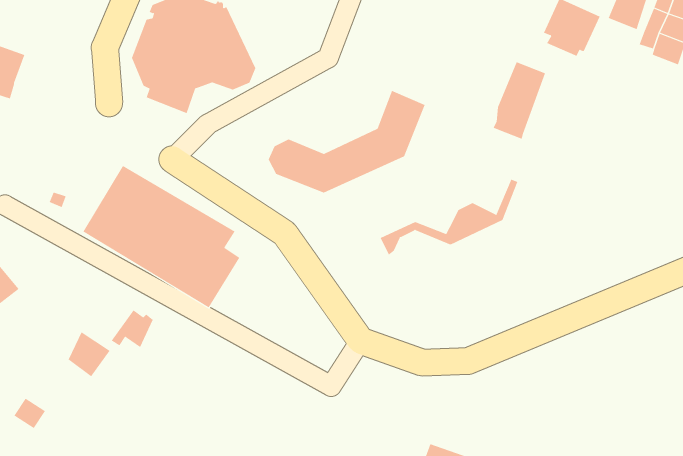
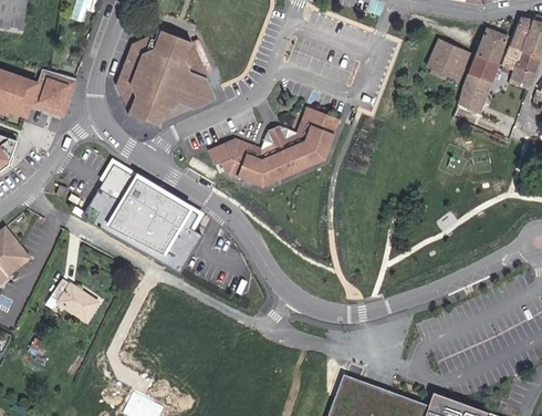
building: none -> [30,69,76,115]
building: [493,62,546,140] -> [458,54,498,113]
building: [380,179,518,255] -> [209,106,313,164]
building: [111,309,154,348] -> [48,282,80,311]

